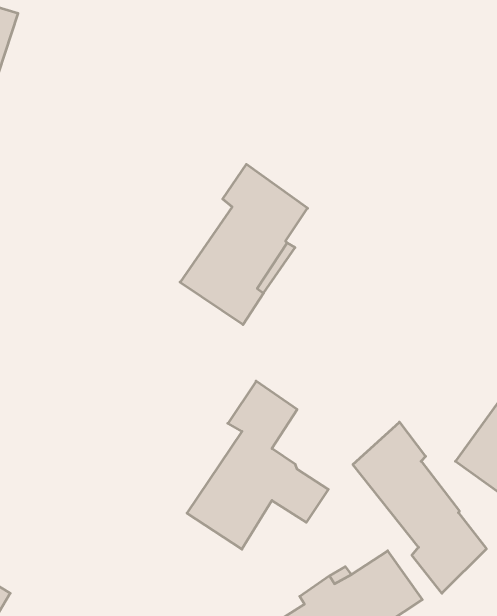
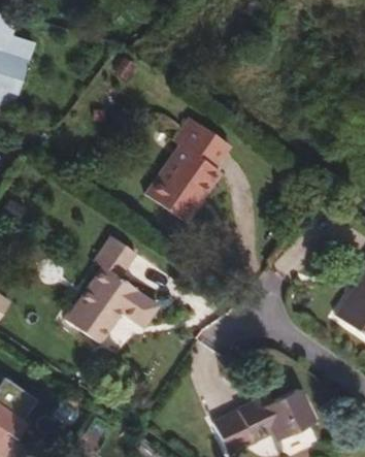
building: [187,381,328,549] -> [69,236,162,347]
building: [353,422,486,593] -> none

